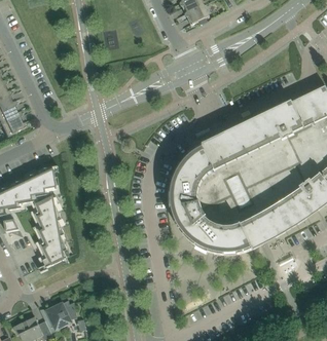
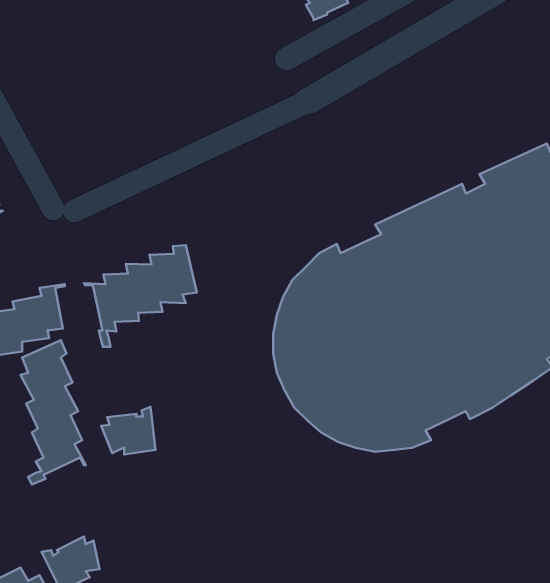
building: none -> [84,245,197,347]
building: none -> [101,407,155,454]

